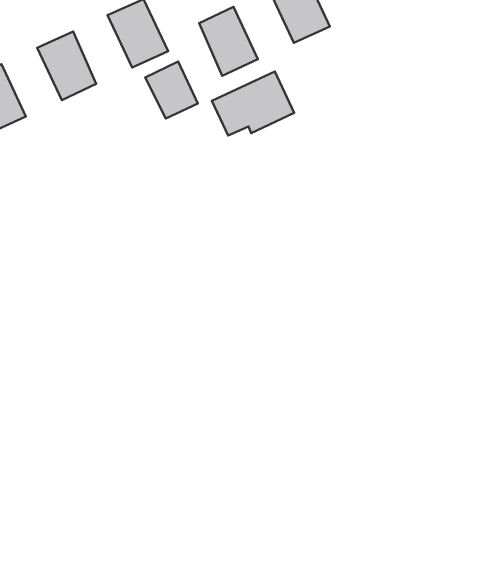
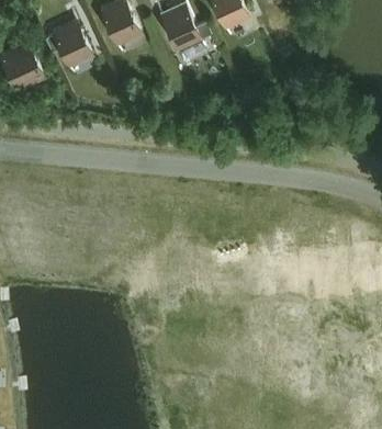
building: [145,62,198,119] -> none
building: [212,72,294,136] -> none

